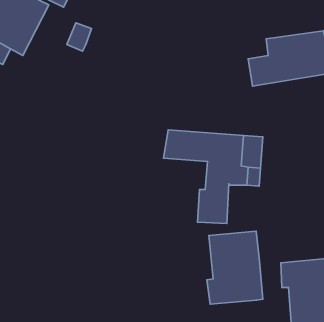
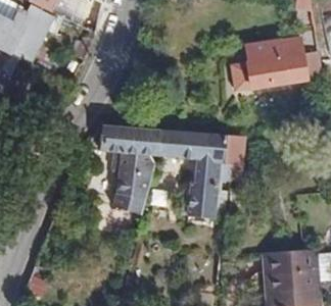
building: none -> [98,126,160,209]
building: [207,231,263,304] -> none

